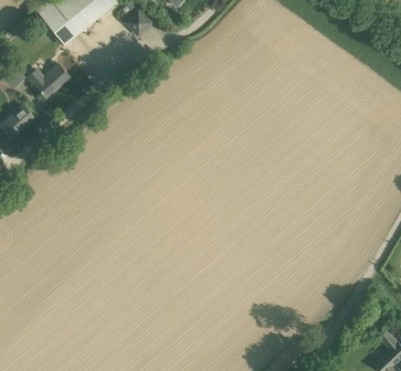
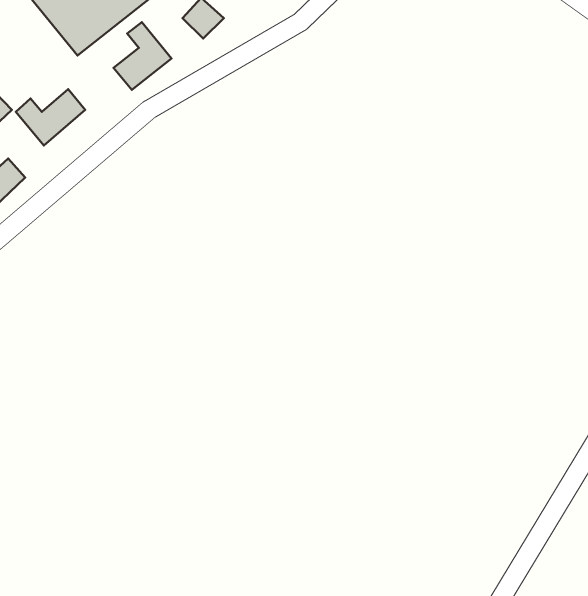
building: none -> [113,22,172,90]

